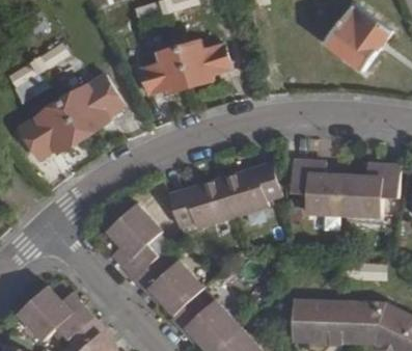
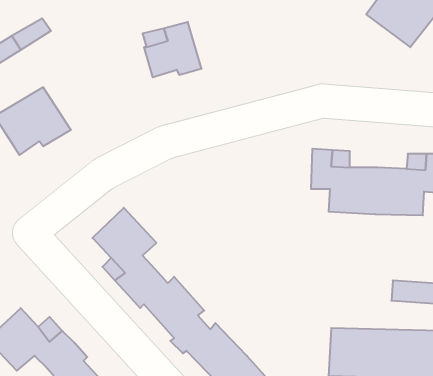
building: [182,45,235,89] -> none
building: [62,78,126,140] -> none
building: [157,159,271,226] -> none

